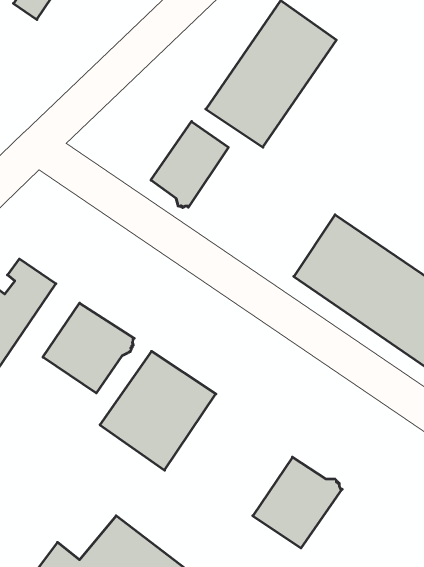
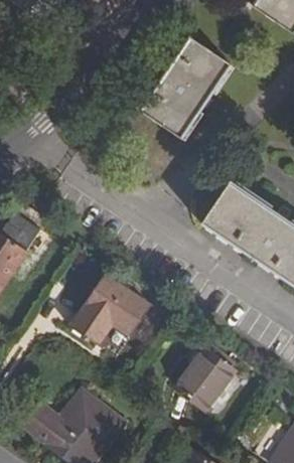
building: [151,121,228,208] -> none
building: [43,303,134,393] -> none

